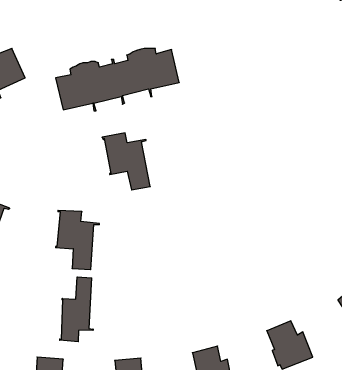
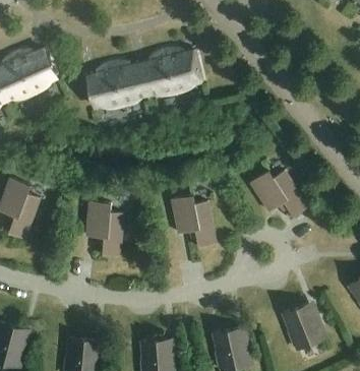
building: [102,133,150,190] -> [171,194,216,247]
building: none -> [250,168,308,217]
building: [60,277,93,342] -> none

